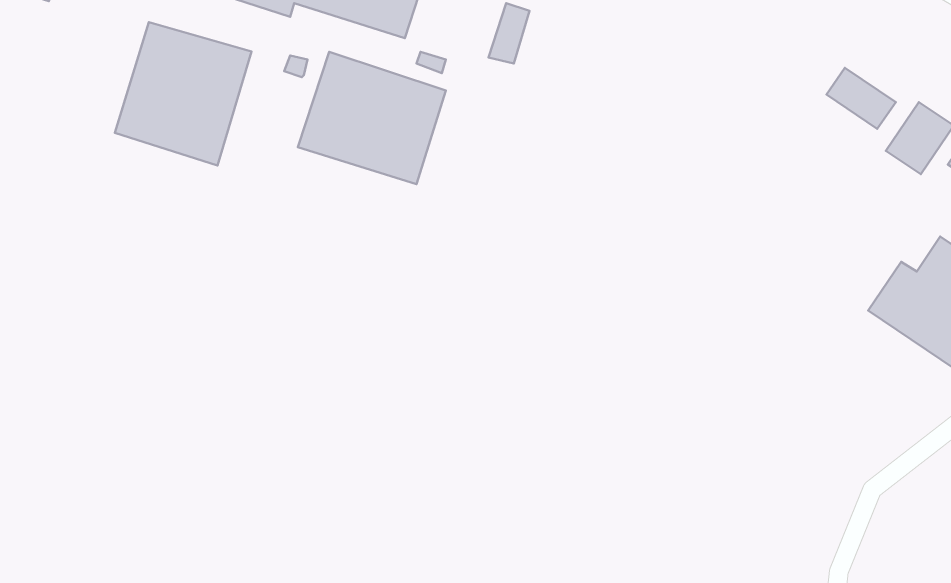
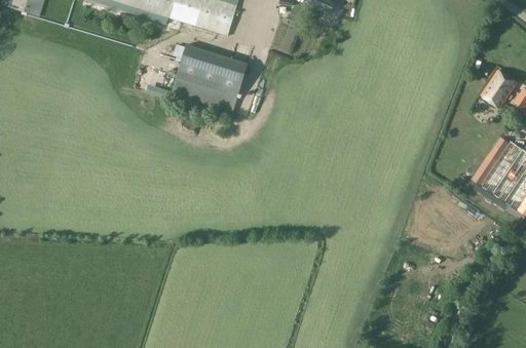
building: [115,22,251,165] -> none
building: [826,68,896,129] -> none

